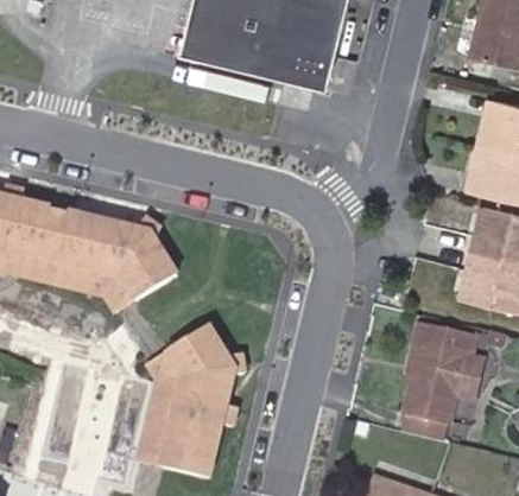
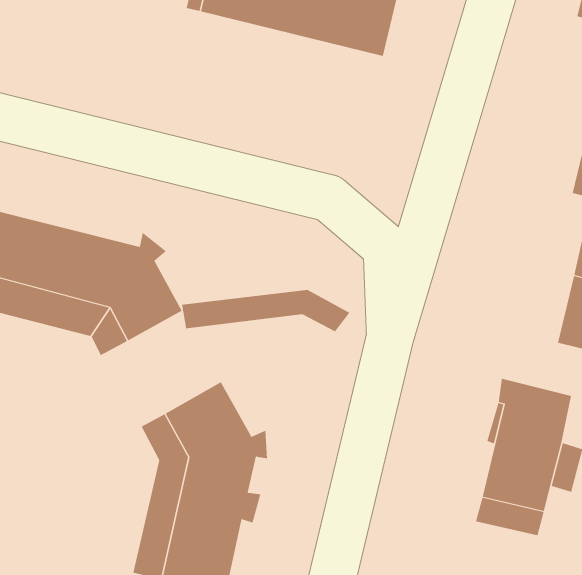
building: none -> [181,289,350,332]

